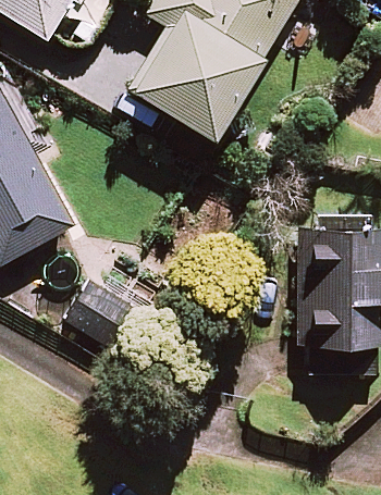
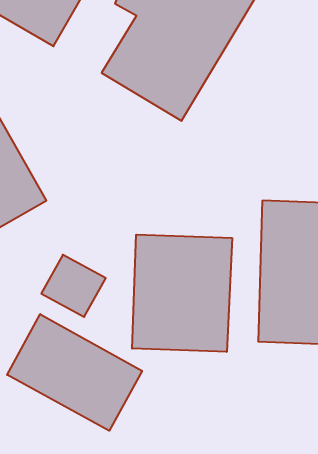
building: none -> [132,235,232,352]
building: none -> [7,314,142,431]

